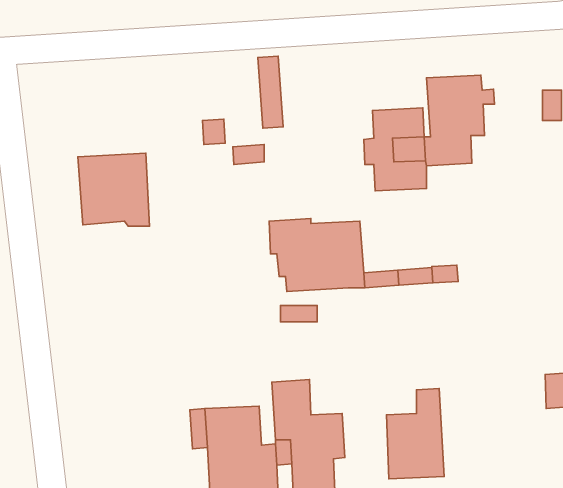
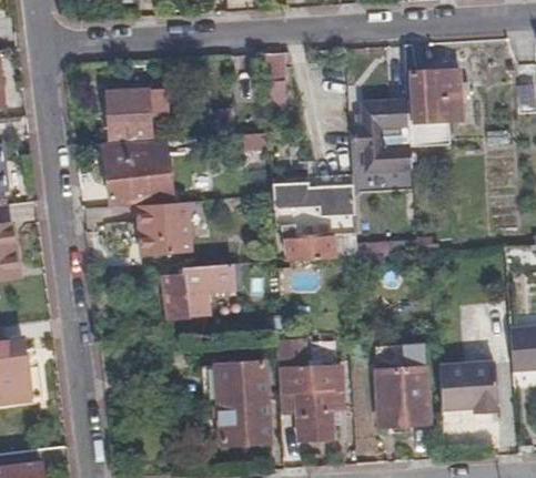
building: none -> [110,93,171,139]
building: none -> [140,202,190,255]
building: none -> [164,266,234,338]
building: none -> [439,363,498,414]

